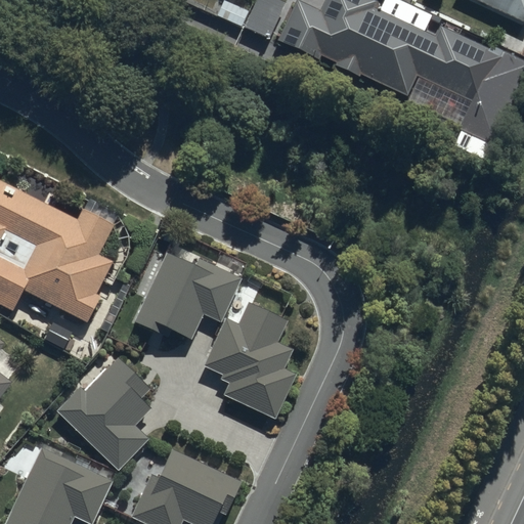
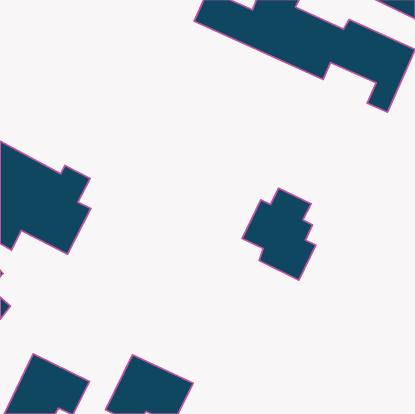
building: [136,248,236,343] -> none
building: [203,304,296,420] -> [242,188,316,280]
building: [60,357,158,470] -> none

